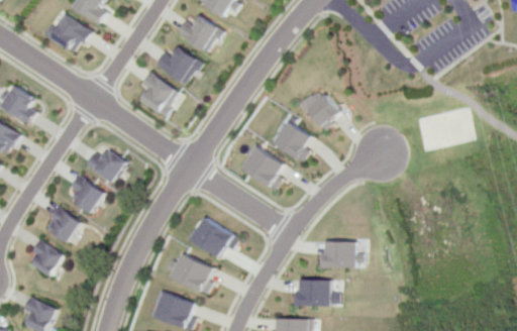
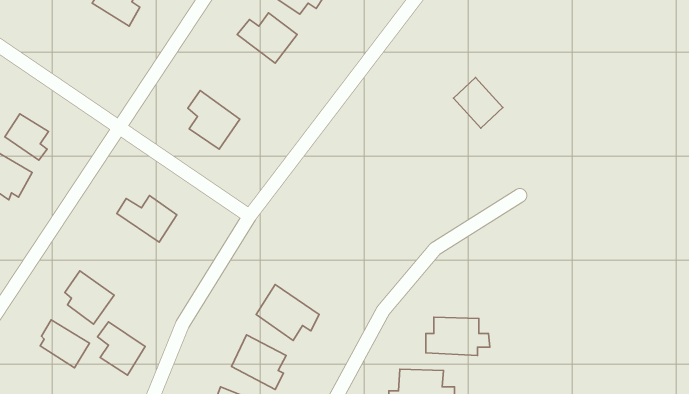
building: [48,15,88,53] -> none
building: [154,46,199,85] -> none
building: [304,92,340,129] -> [454,78,503,128]
building: [273,121,310,160] -> none
building: [240,145,282,189] -> none
building: [73,177,108,216] -> [97,322,145,375]

